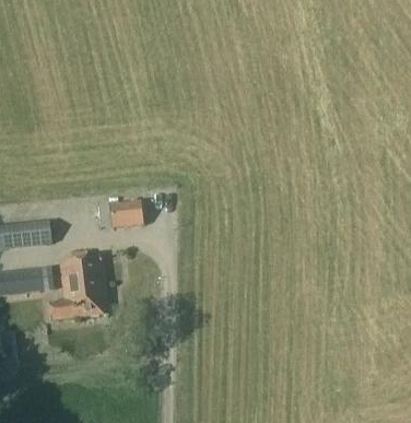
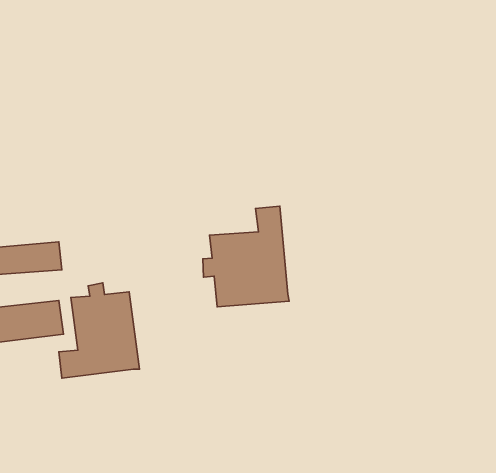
building: none -> [203,206,289,307]
building: [109,198,143,225] -> none

